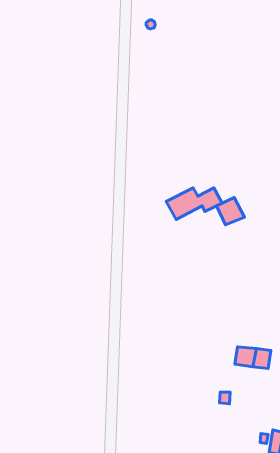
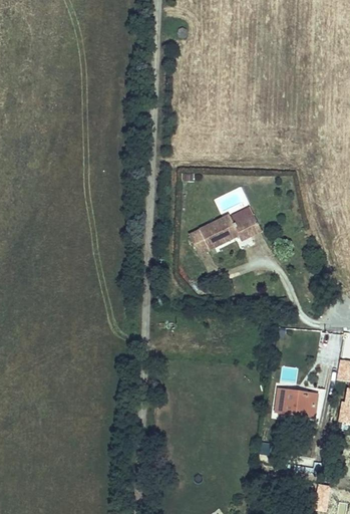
building: [216,198,245,225] -> none

